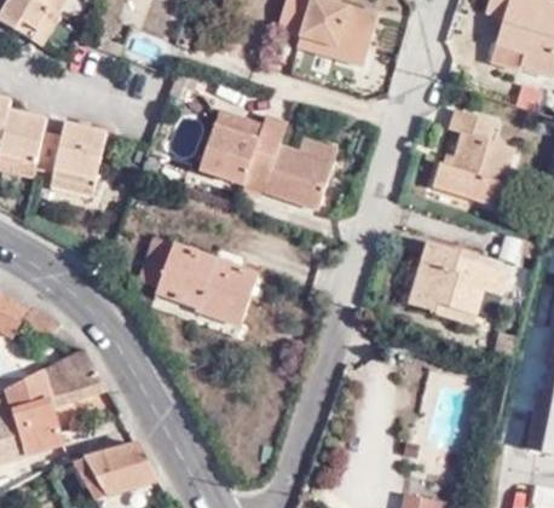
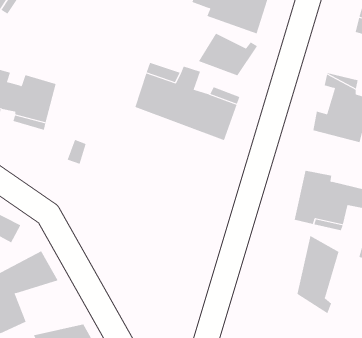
building: none -> [198,33,258,76]
building: [139,235,258,322] -> none
building: none -> [297,235,339,314]

